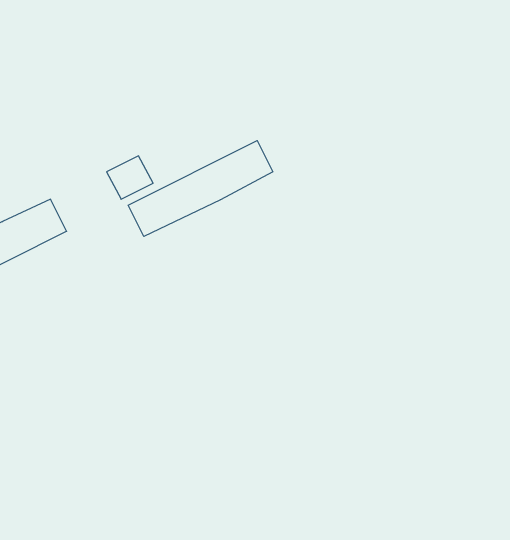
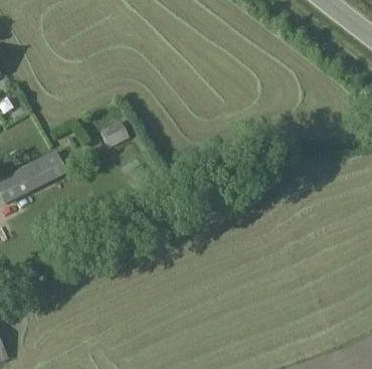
building: [128,141,273,236] -> none

